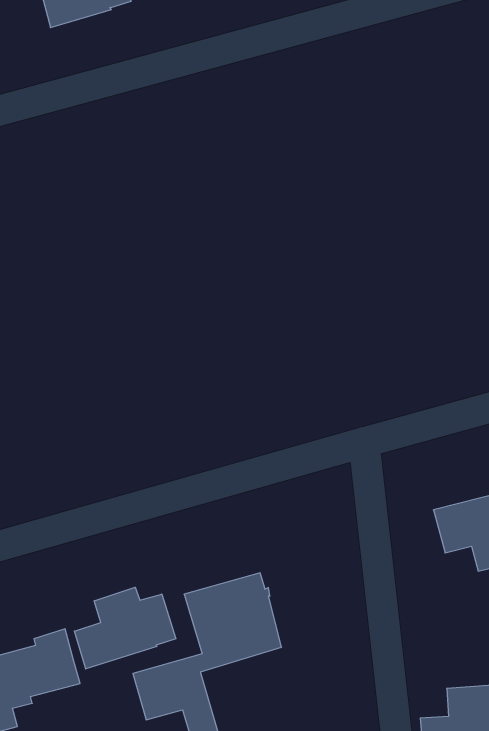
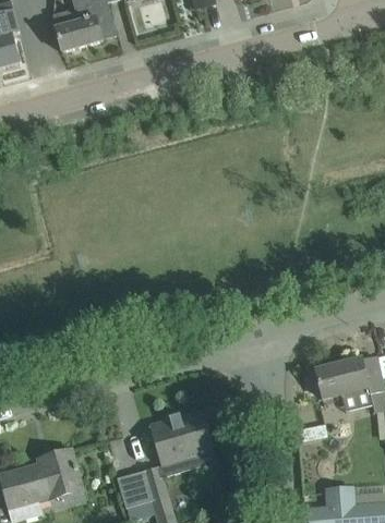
building: [74,587,176,669] -> none

